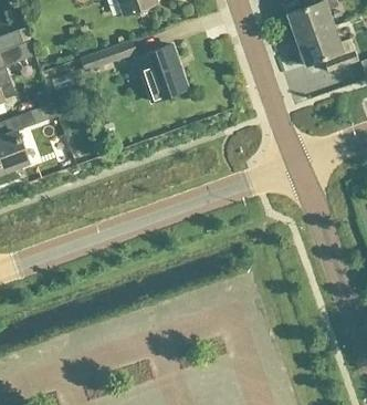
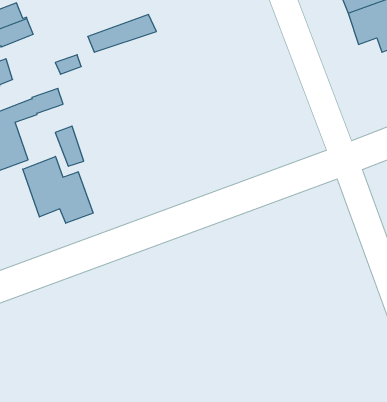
building: [136,45,187,102] -> none
building: none -> [23,156,93,223]

